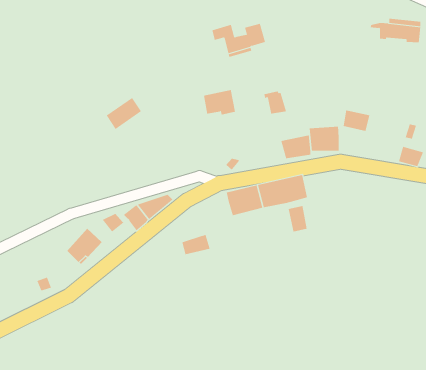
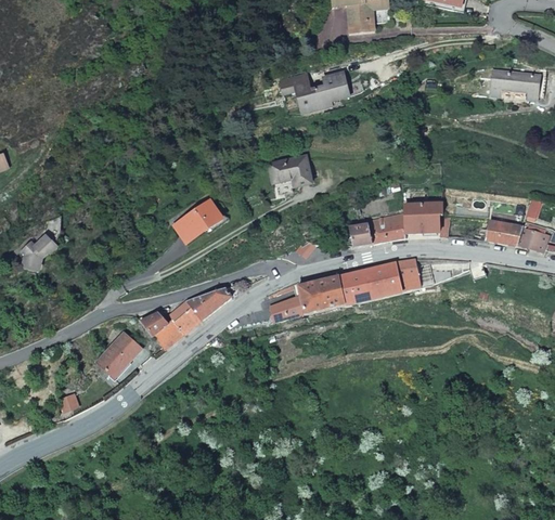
building: [264,91,287,114] -> [345,217,374,246]
building: [106,97,142,130] -> [176,200,221,242]
building: [343,110,370,131] -> [487,219,521,246]
building: none -> [22,235,59,271]
building: [288,206,307,232] -> [396,258,421,291]
building: none -> [155,317,185,349]
building: [181,234,211,255] -> [270,296,307,322]

